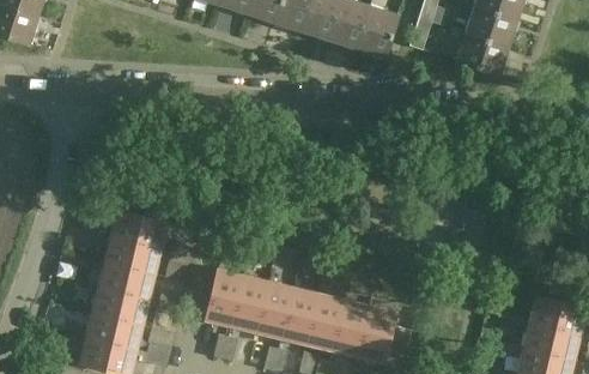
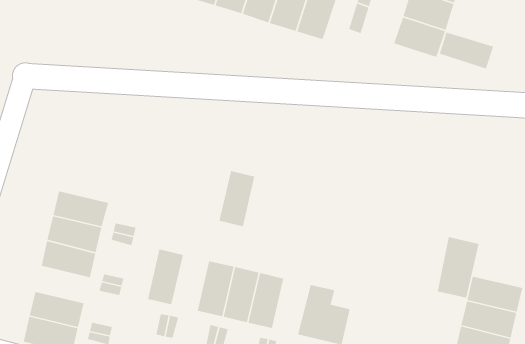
building: none -> [439,32,494,70]
building: none -> [437,236,480,299]
building: [230,275,267,332] -> [219,170,255,227]
building: [91,286,147,324] -> none
building: [332,298,370,356] -> none

